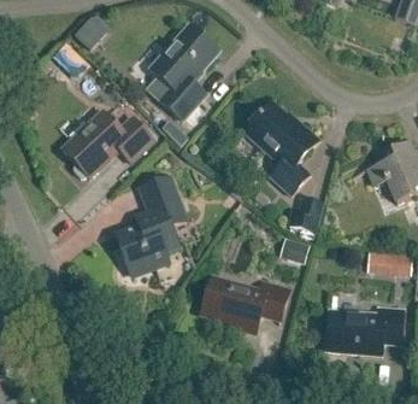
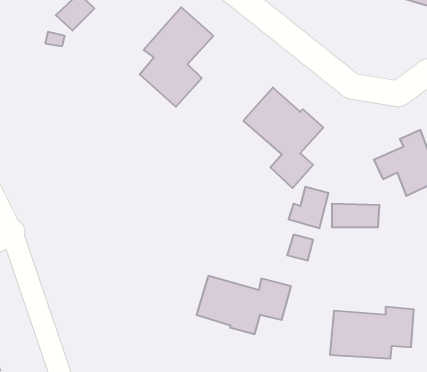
building: [61,111,154,177] -> none
building: [114,175,186,274] -> none
building: [363,251,407,273] -> [332,204,380,227]

